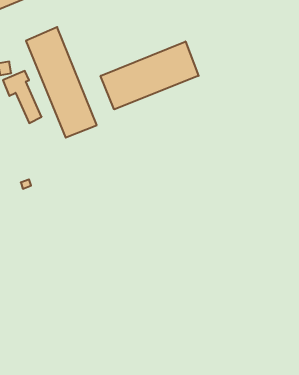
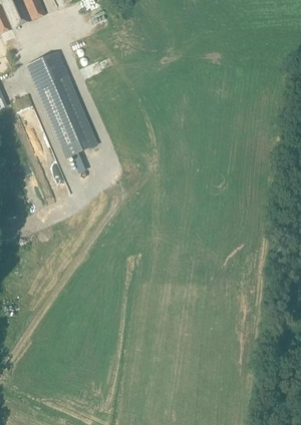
building: [101,41,199,109] -> none

